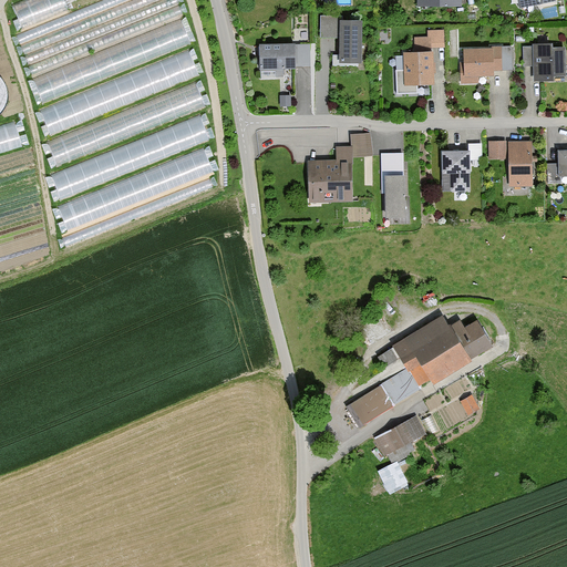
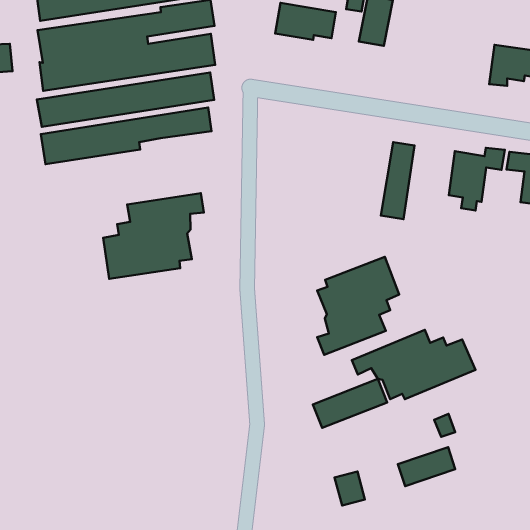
building: [402,38,432,91] -> none
building: [305,133,374,202] -> none
building: none -> [103,193,204,279]
building: none -> [317,257,399,355]
building: [373,414,426,456] -> [398,447,455,486]

